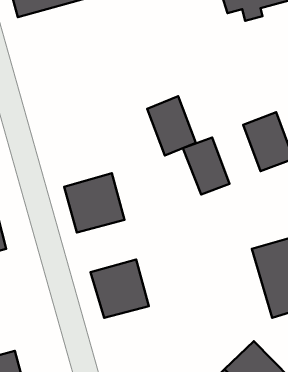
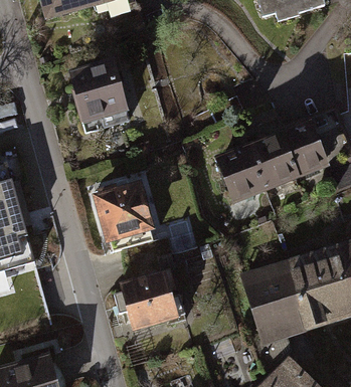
building: none -> [69,56,130,122]
building: [147,96,196,155] -> [246,130,297,191]
building: none -> [241,258,309,343]

